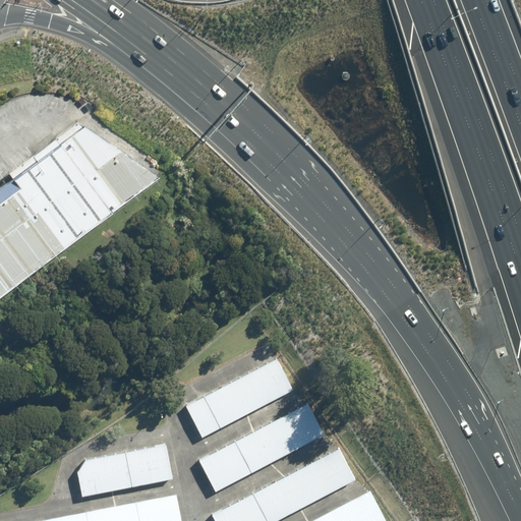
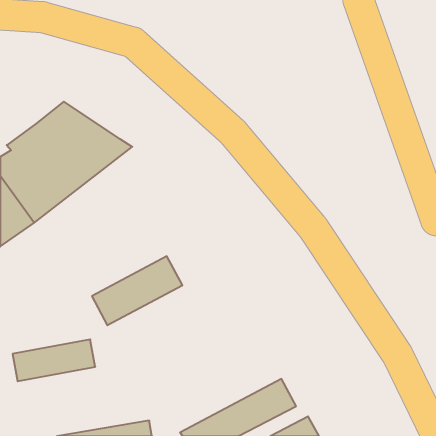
building: [184,358,292,441] -> [92,256,182,325]
building: [200,403,324,491] -> none
building: [73,449,172,499] -> [13,339,95,381]

